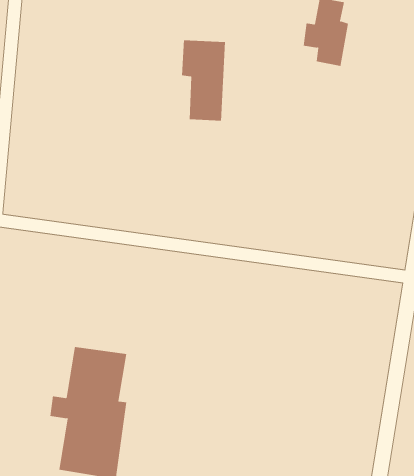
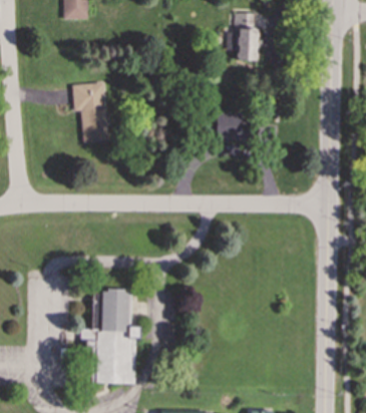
building: [181,40,226,121] -> [72,82,108,142]
building: none -> [215,114,249,139]

